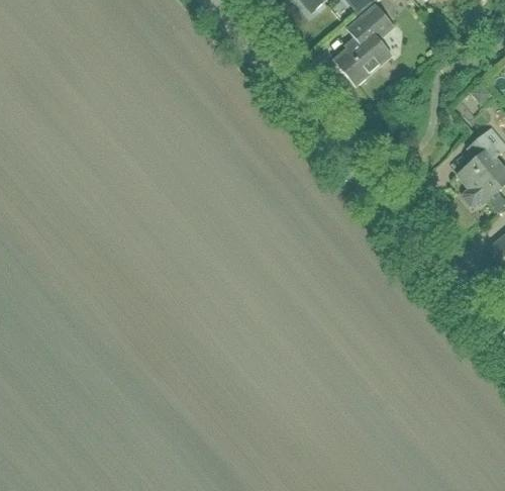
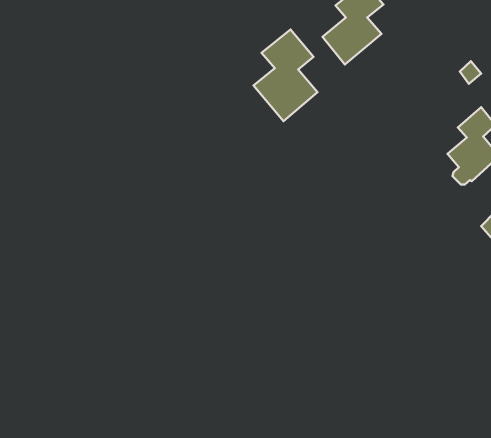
building: none -> [254,29,317,121]

